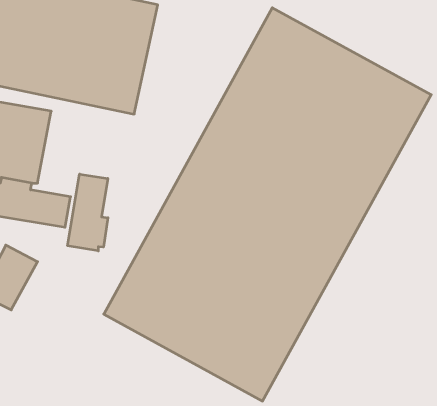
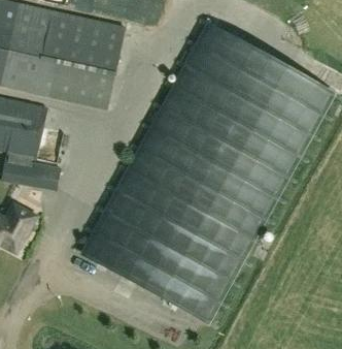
building: [68,174,108,251] -> none

